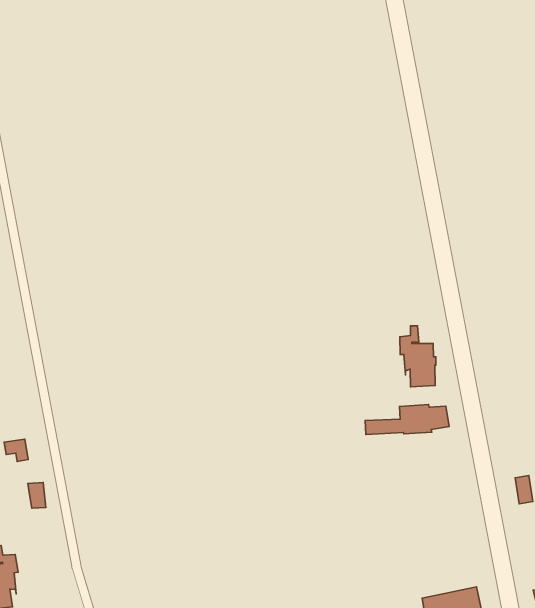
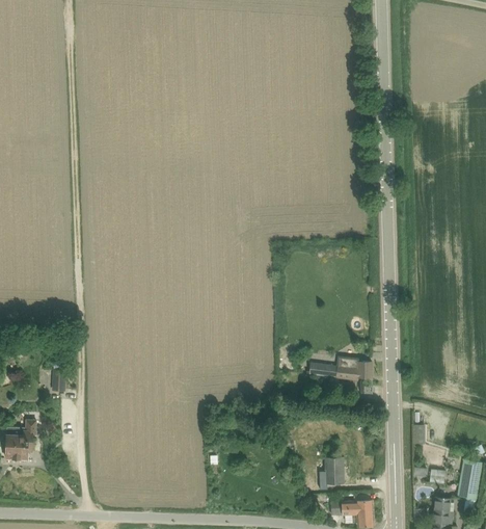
building: [400,326,436,387] -> none
building: none -> [324,458,343,483]

